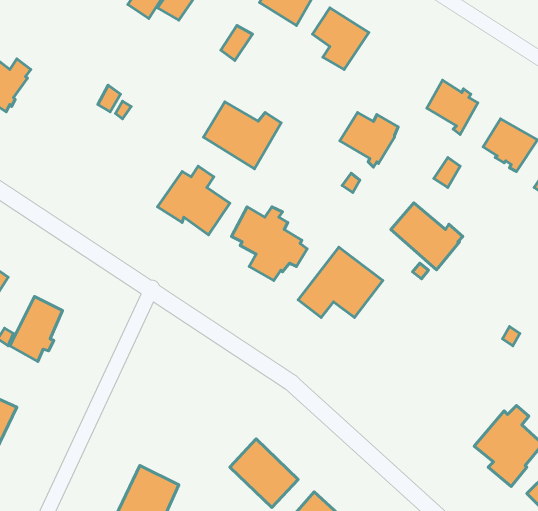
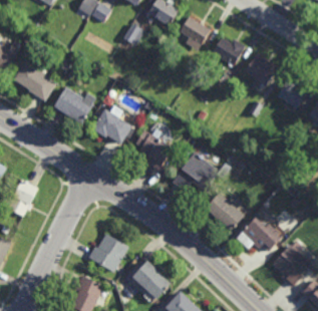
building: none -> [13,60,57,101]
building: [204,102,281,169] -> [53,86,97,124]
building: [340,113,398,167] -> [213,36,246,67]
building: [391,203,463,270] -> [206,193,247,231]
building: none -> [237,217,283,253]
building: none -> [87,234,128,273]

